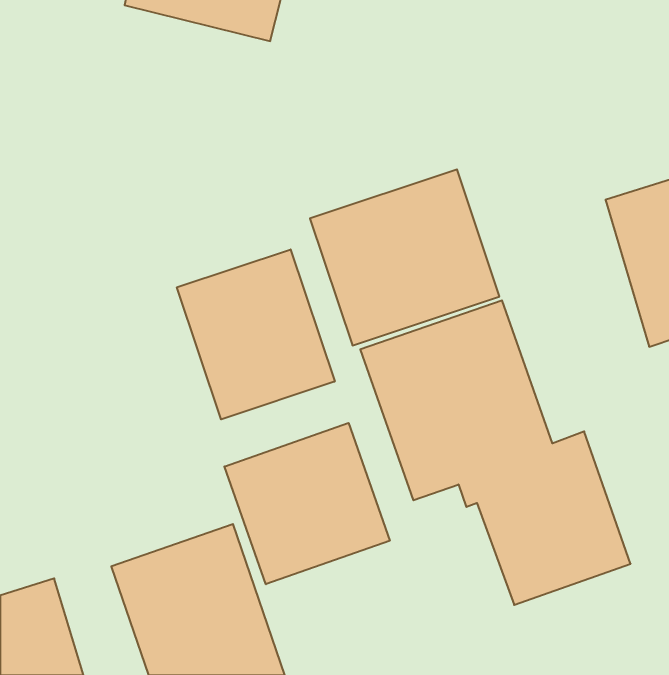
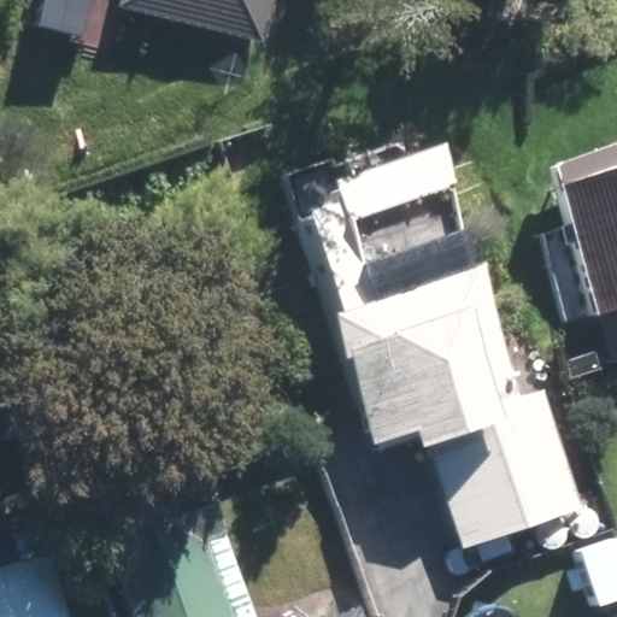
building: [177,249,335,419] -> none
building: [224,423,390,584] -> none

